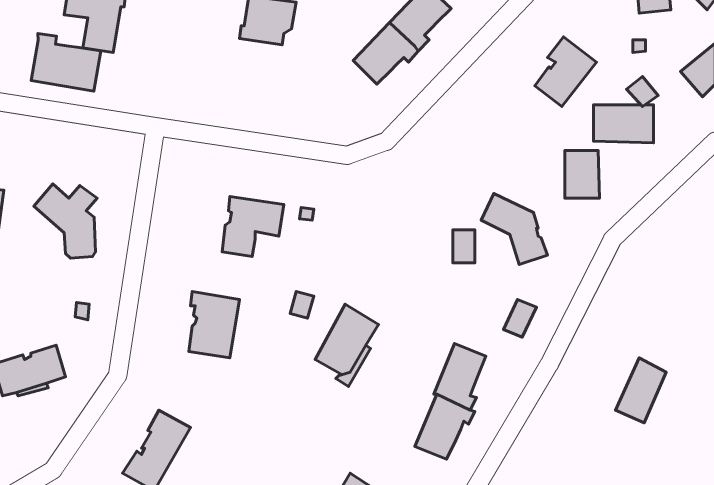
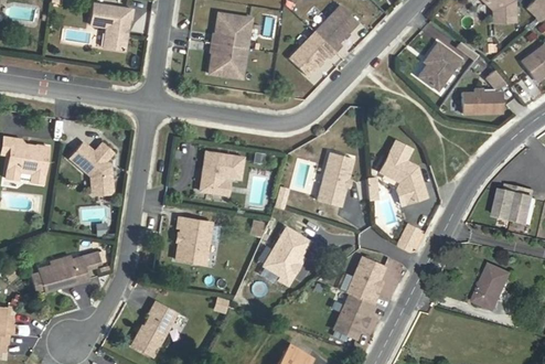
building: [31,34,101,91] -> none
building: none -> [210,41,246,76]
building: [565,151,600,198] -> none
building: none -> [317,151,353,205]
building: none -> [492,181,536,228]

